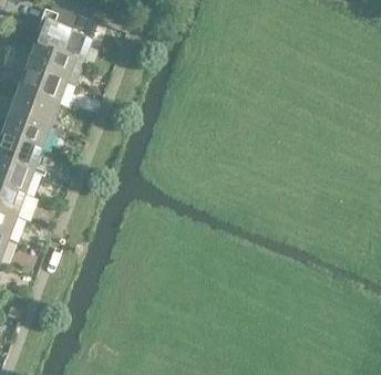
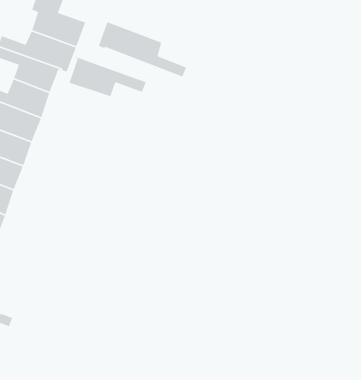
building: none -> [98,21,187,78]
building: none -> [68,56,147,97]

